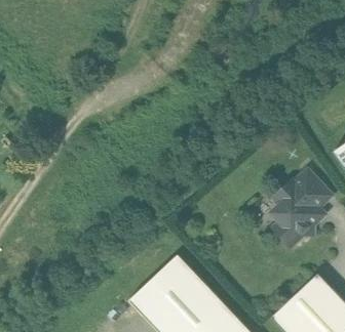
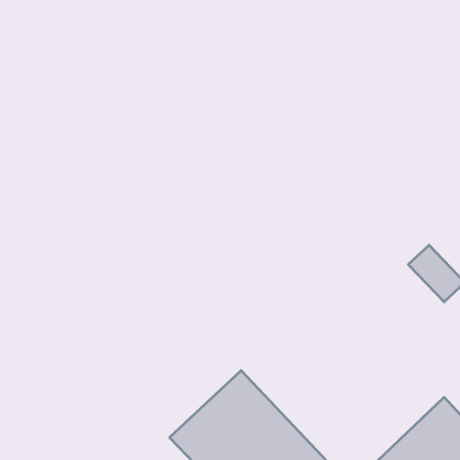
building: [271,181,318,245] -> none

